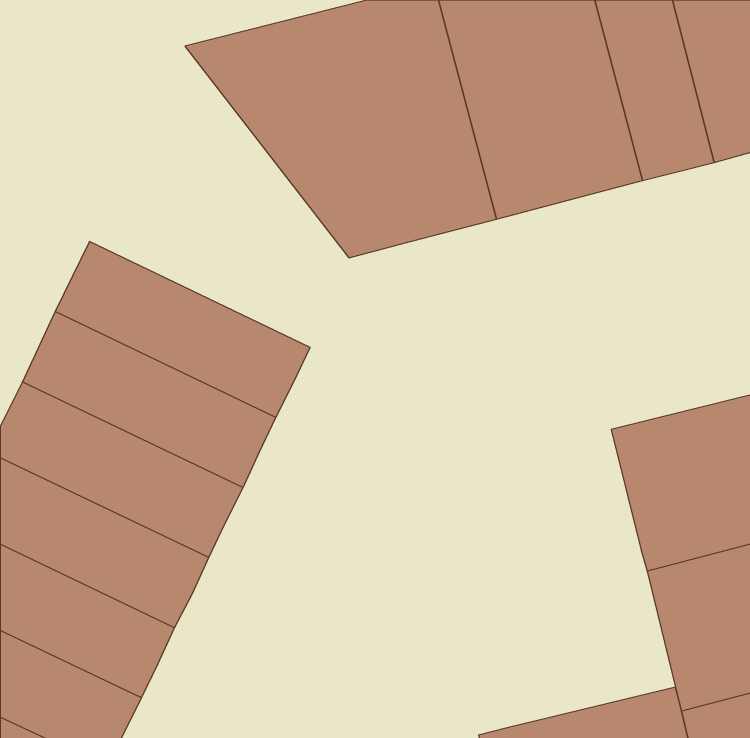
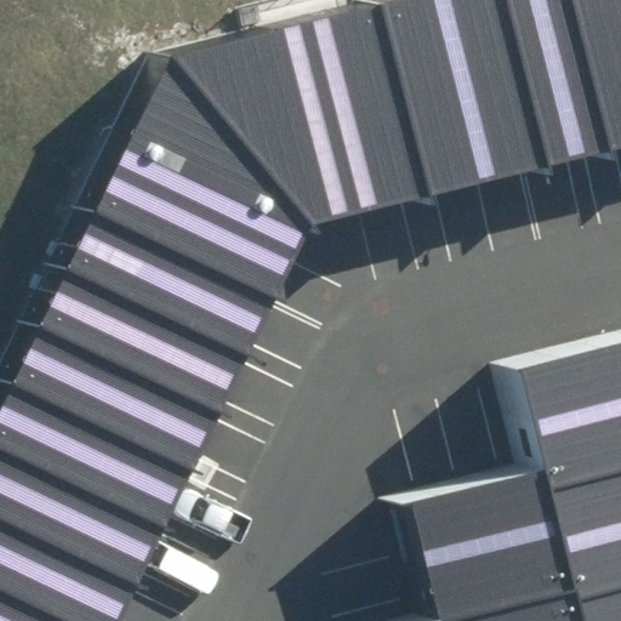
building: none -> [82,57,294,302]
building: none -> [395,467,559,611]

